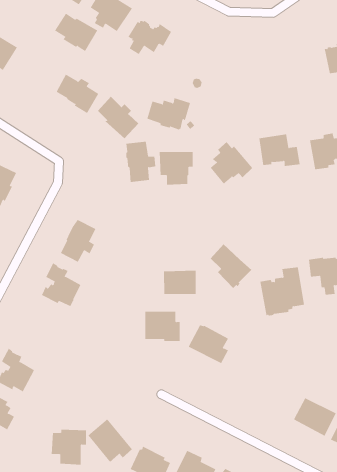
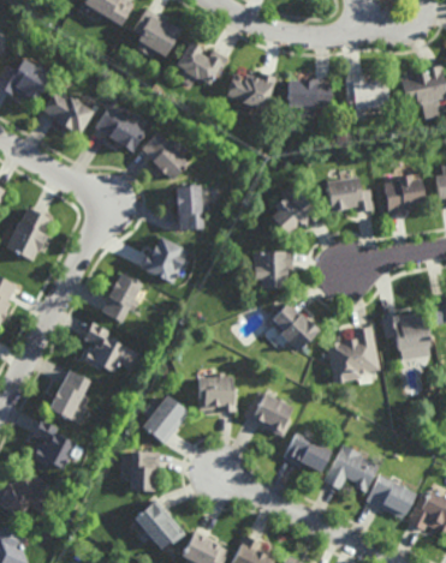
building: [54,13,98,52] -> [43,90,94,134]
building: none -> [345,76,388,121]
building: none -> [287,78,331,114]
building: [146,98,191,130] -> [226,71,276,108]
building: [159,151,193,185] -> [251,250,291,288]
building: none -> [141,236,190,283]
building: [164,270,196,295] -> none
building: none -> [46,370,88,424]
building: none -> [138,394,188,445]
building: none -> [284,433,332,472]
building: none -> [325,444,379,492]
building: [51,429,87,465] -> [117,451,157,492]

